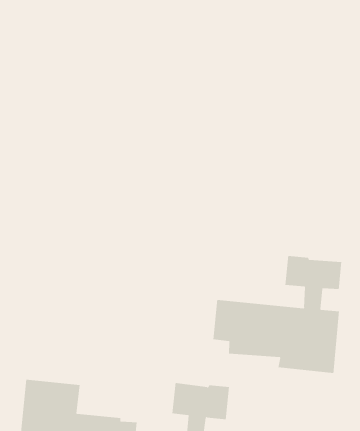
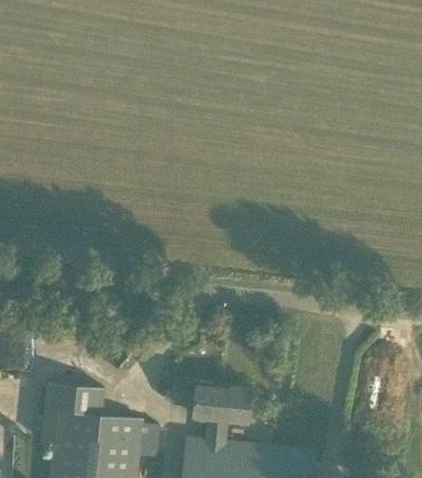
building: [213,255,342,374] -> none

